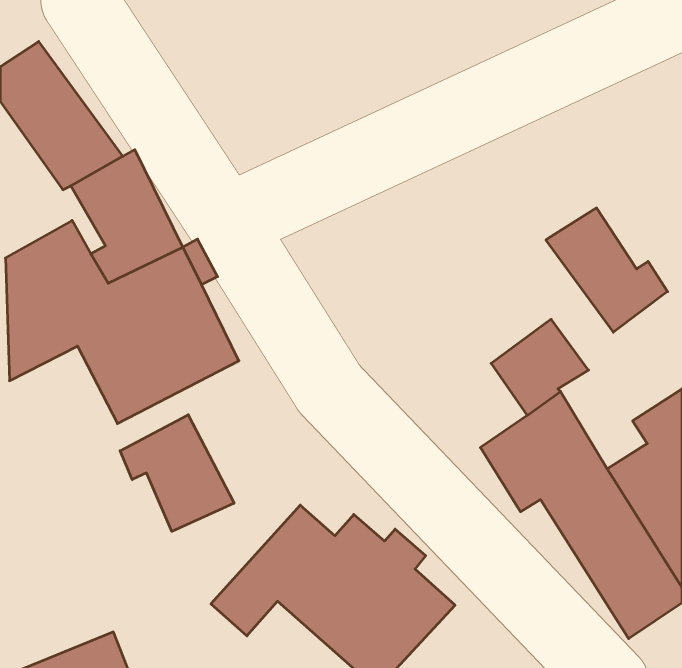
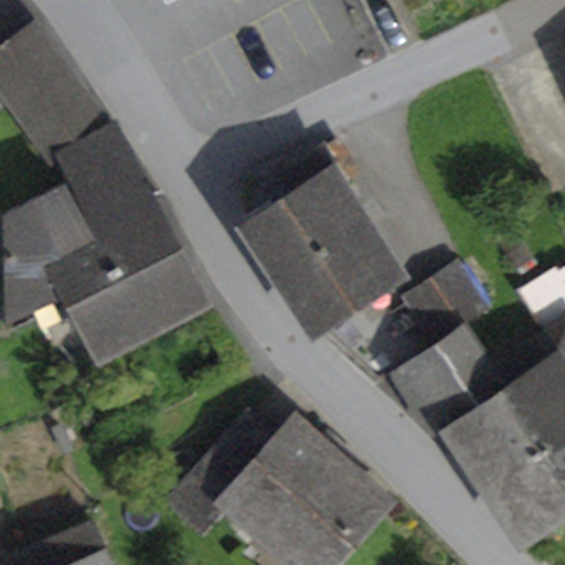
building: none -> [248,152,402,332]
building: [546,208,668,332] -> none
building: [120,415,234,531] -> none

